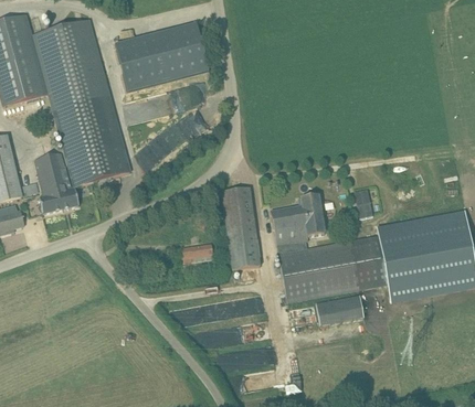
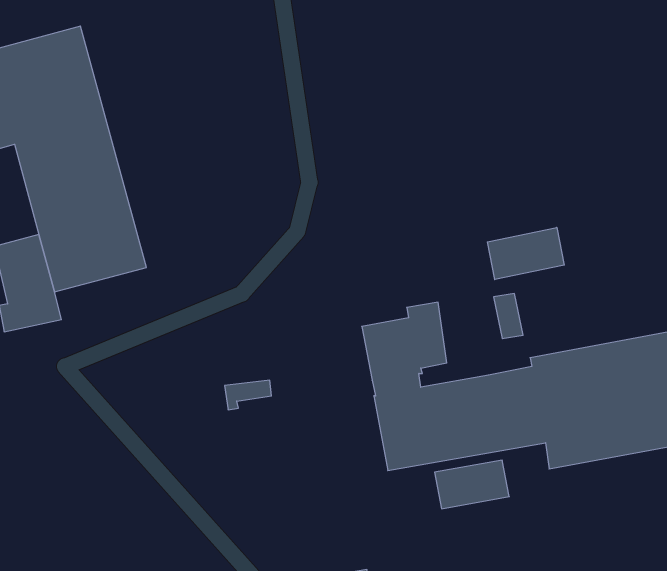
building: [115,21,209,89] -> none
building: none -> [487,227,564,280]
building: [222,185,260,268] -> none

